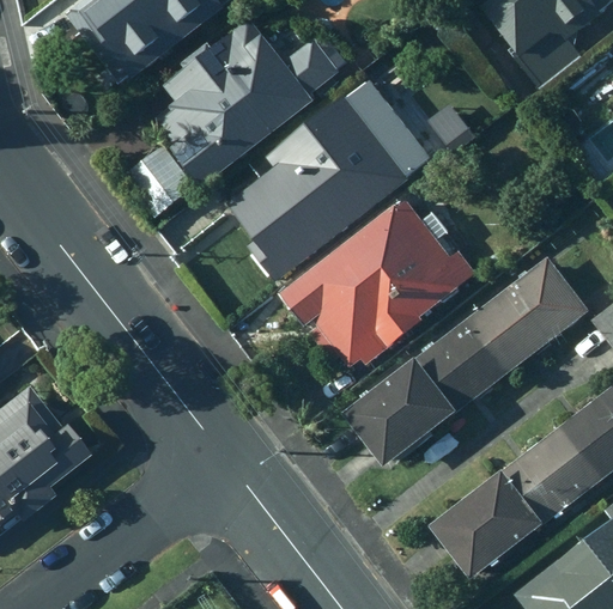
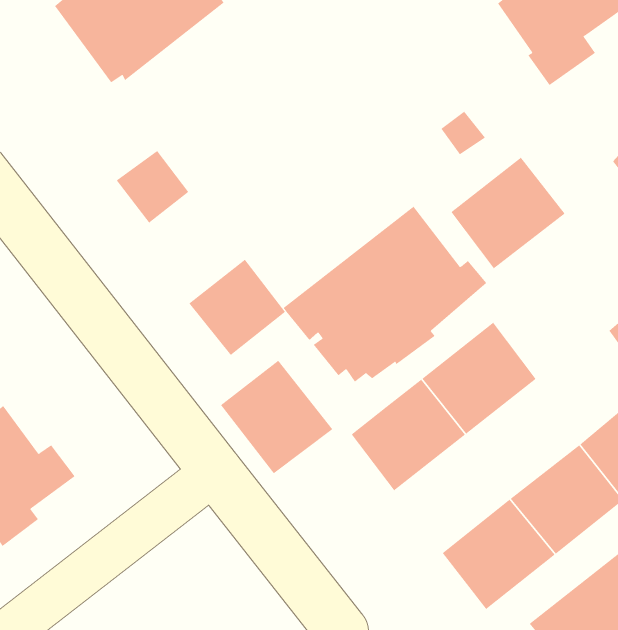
building: [157,19,345,185] -> none
building: [227,73,430,282] -> none
building: none -> [188,259,286,356]
building: [481,255,590,361] -> [451,157,565,269]
building: none -> [220,360,333,474]

